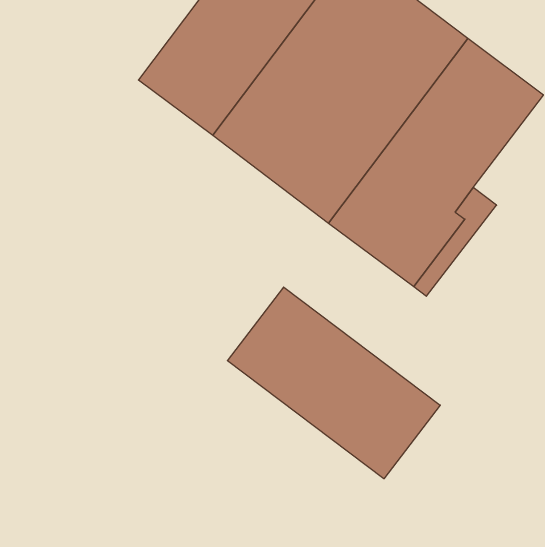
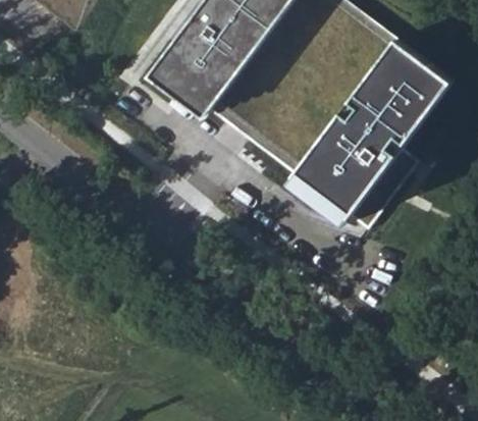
building: [227,287,440,479] -> none

